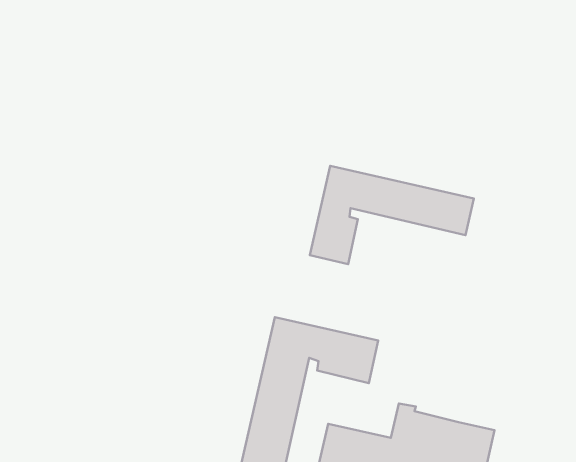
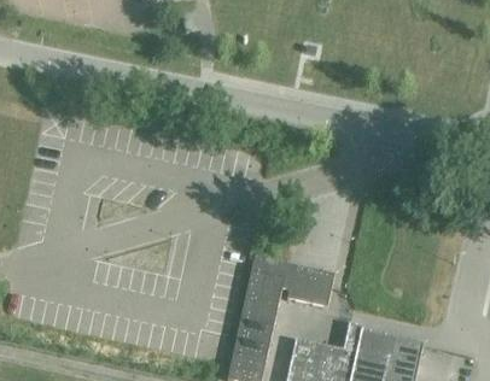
building: [310,166,474,264] -> none

